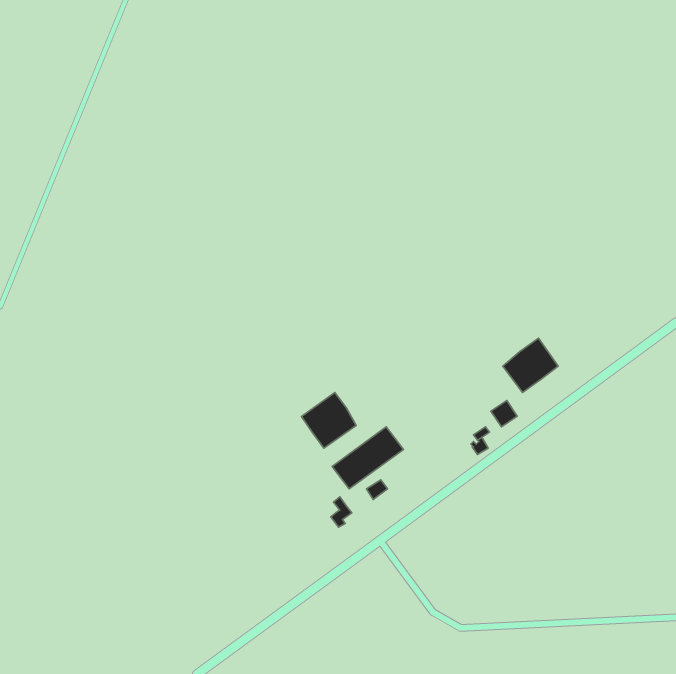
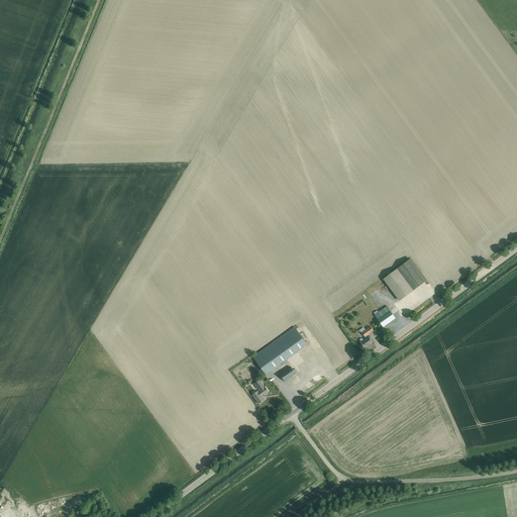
building: [302,392,356,448] -> none

